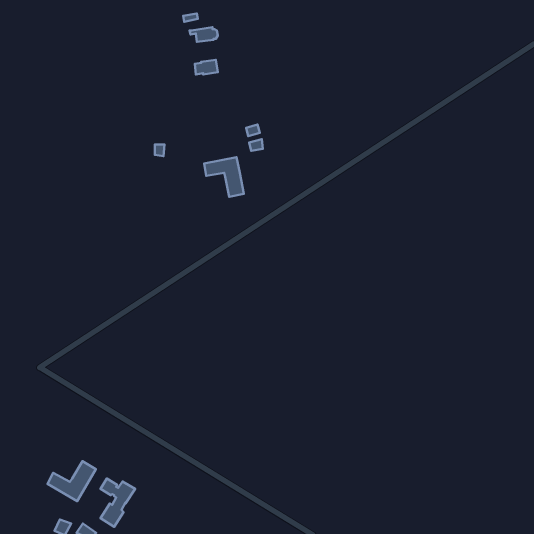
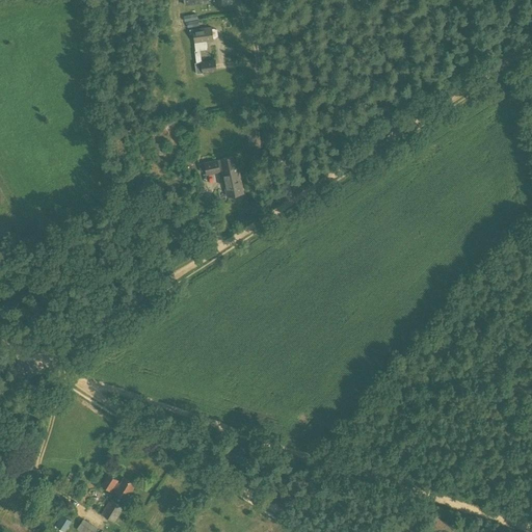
building: [47,461,96,501] -> none

